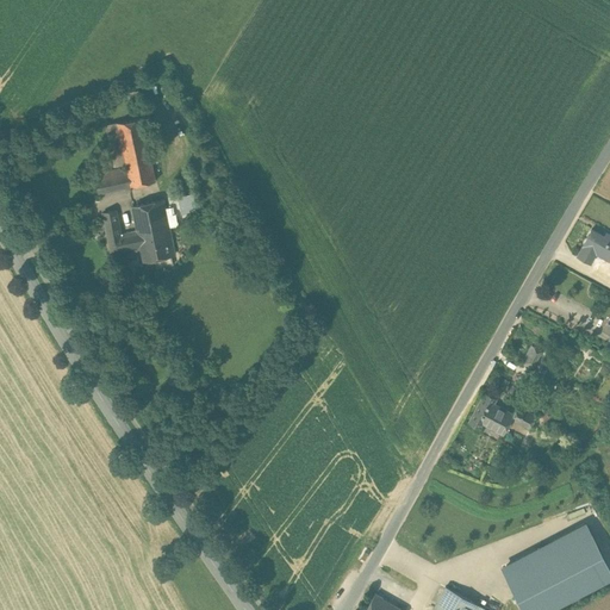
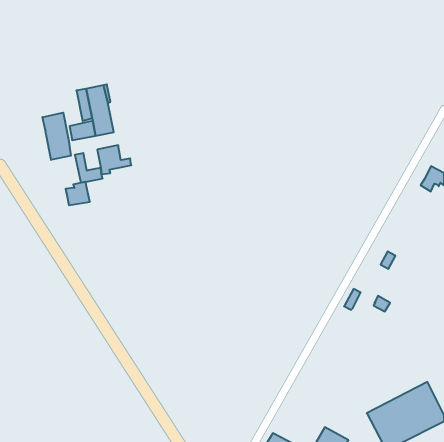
building: none -> [42,113,71,160]
building: [139,232,173,264] -> [66,182,90,205]
building: [484,406,515,437] -> none

